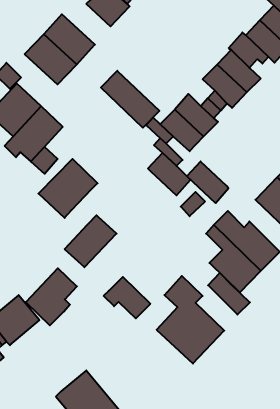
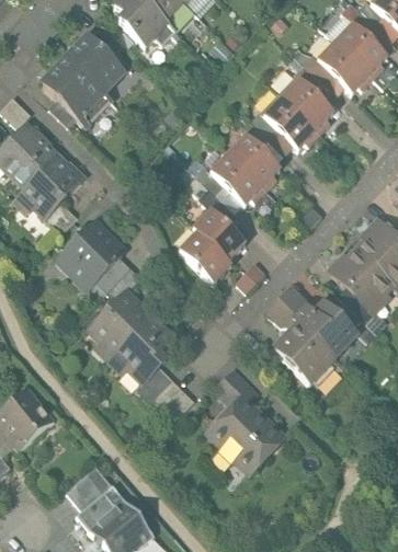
building: [101,71,159,128] -> none
building: [187,161,228,203] -> [178,232,230,285]
building: none -> [95,255,143,300]
building: [26,268,77,325] -> [112,311,177,383]
building: [208,273,250,315] -> none
building: none -> [67,465,114,510]

